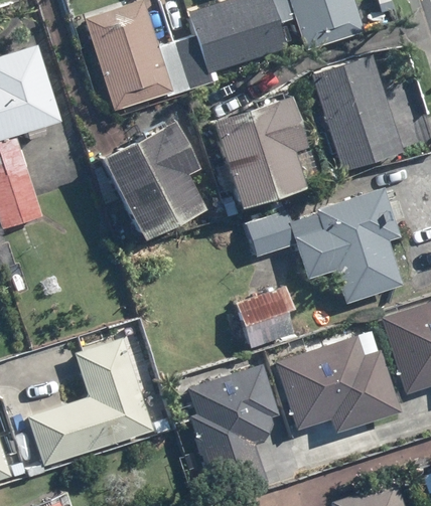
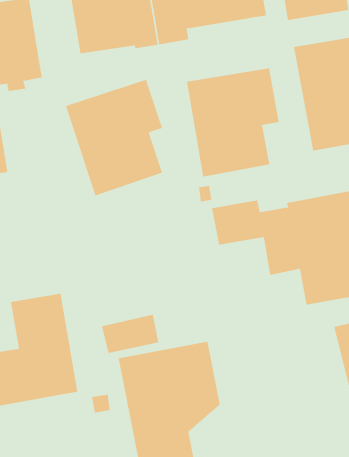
building: [245,293,302,336] -> [101,314,159,353]
building: [283,340,402,437] -> none

